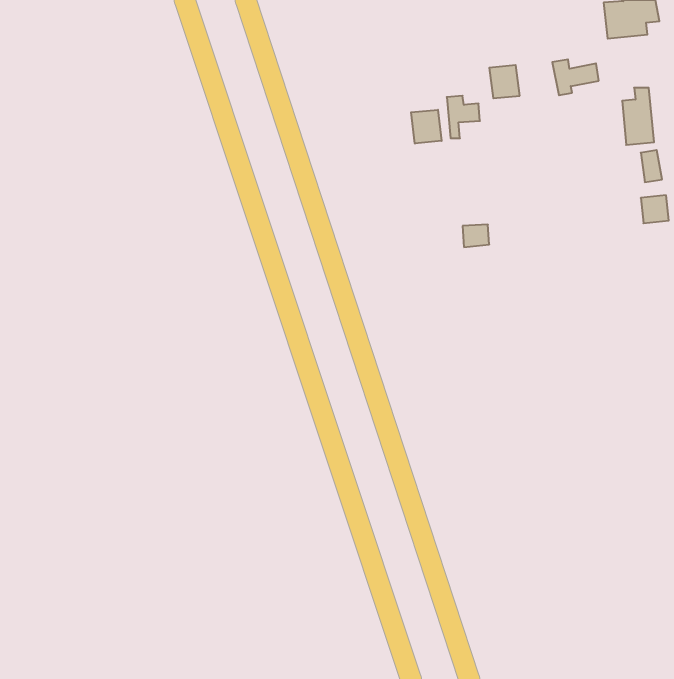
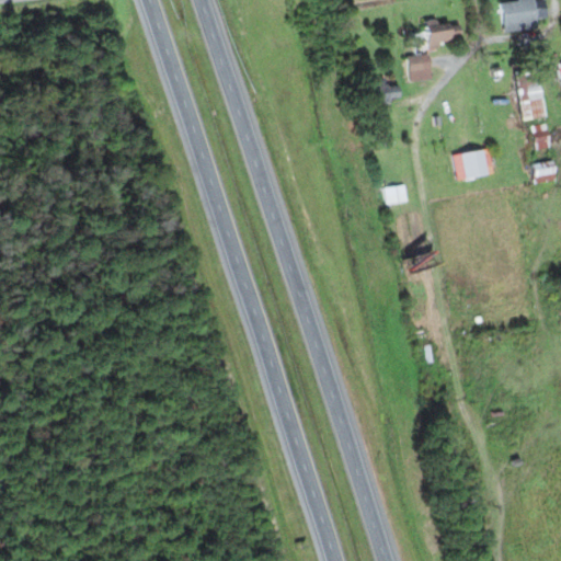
building: [552,59,599,95] -> [424,20,462,49]
building: [411,110,442,144] -> none
building: none -> [455,150,493,179]

